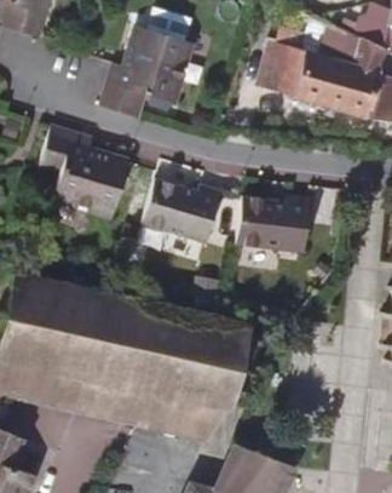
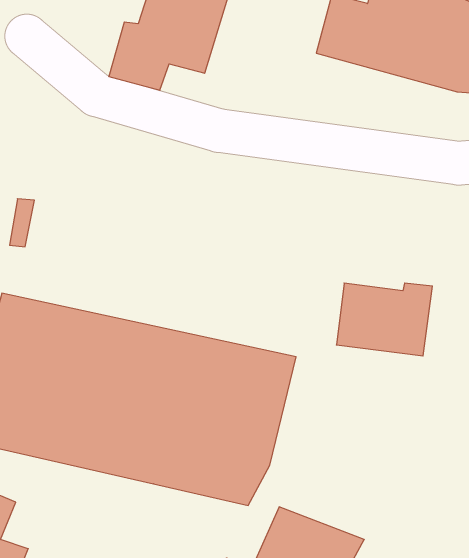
building: [39,126,128,218] -> none
building: [142,177,220,242] -> none
building: [236,195,311,252] -> [336,283,432,356]

